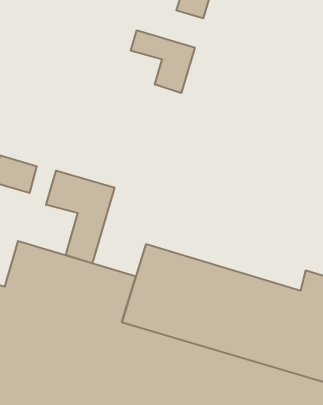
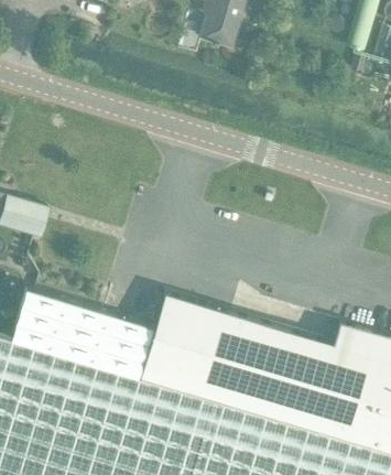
building: [131,30,195,93] -> none
building: [46,171,114,264] -> none

